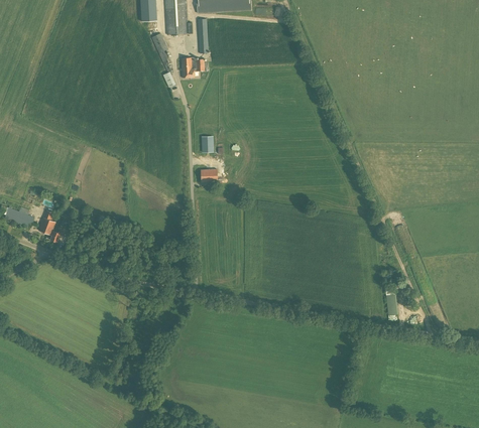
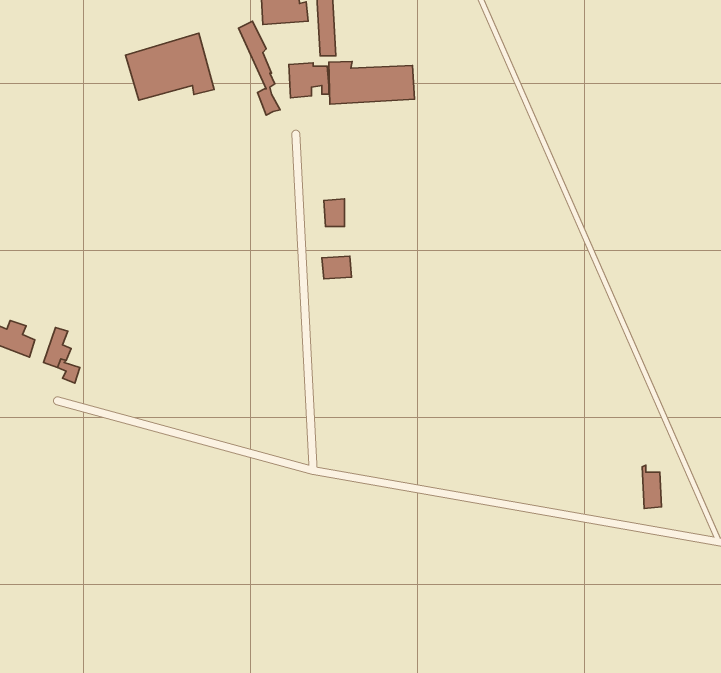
building: none -> [126,33,214,100]
building: none -> [329,61,415,104]

